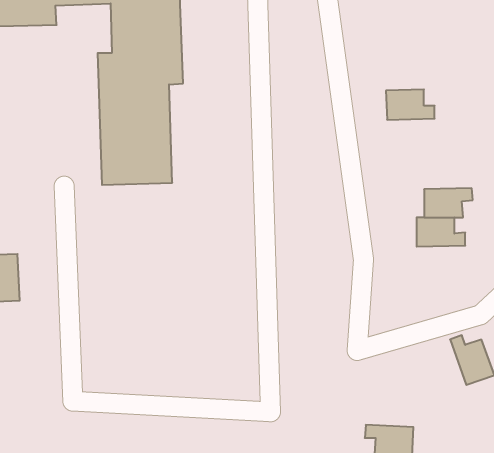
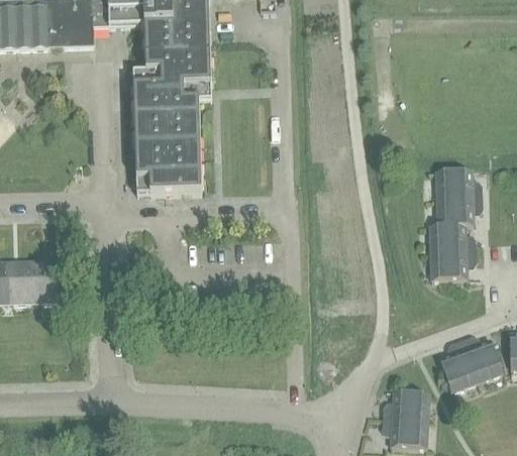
building: [386,89,435,120] -> [436,170,482,199]
building: none -> [430,251,476,280]
building: none -> [438,339,477,391]
building: none -> [383,391,429,421]

